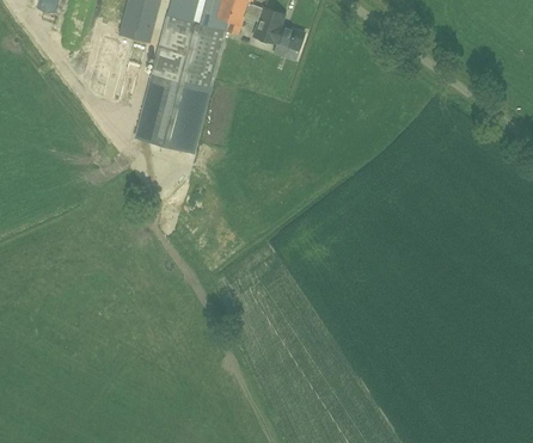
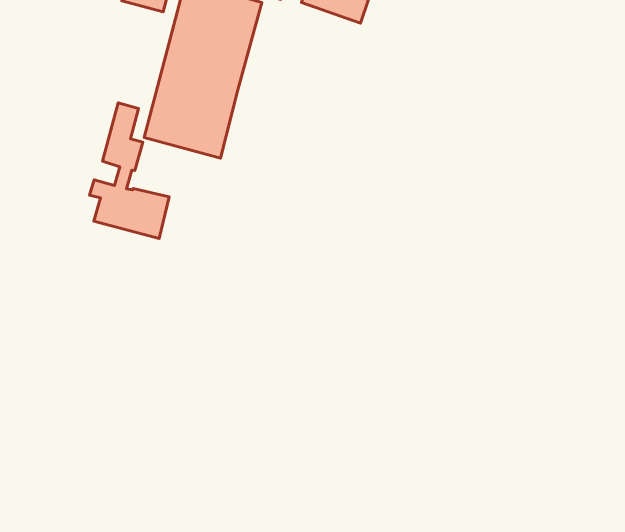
building: none -> [89,103,169,239]

